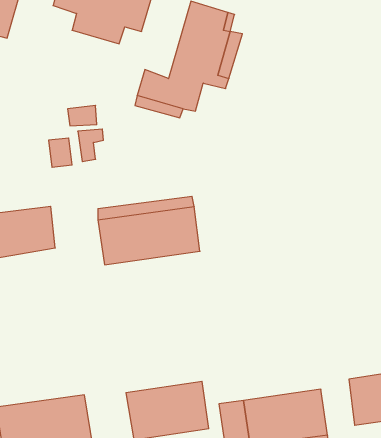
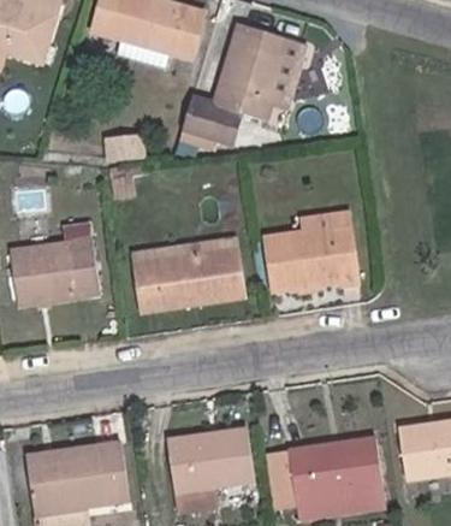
building: none -> [275,223,369,285]

